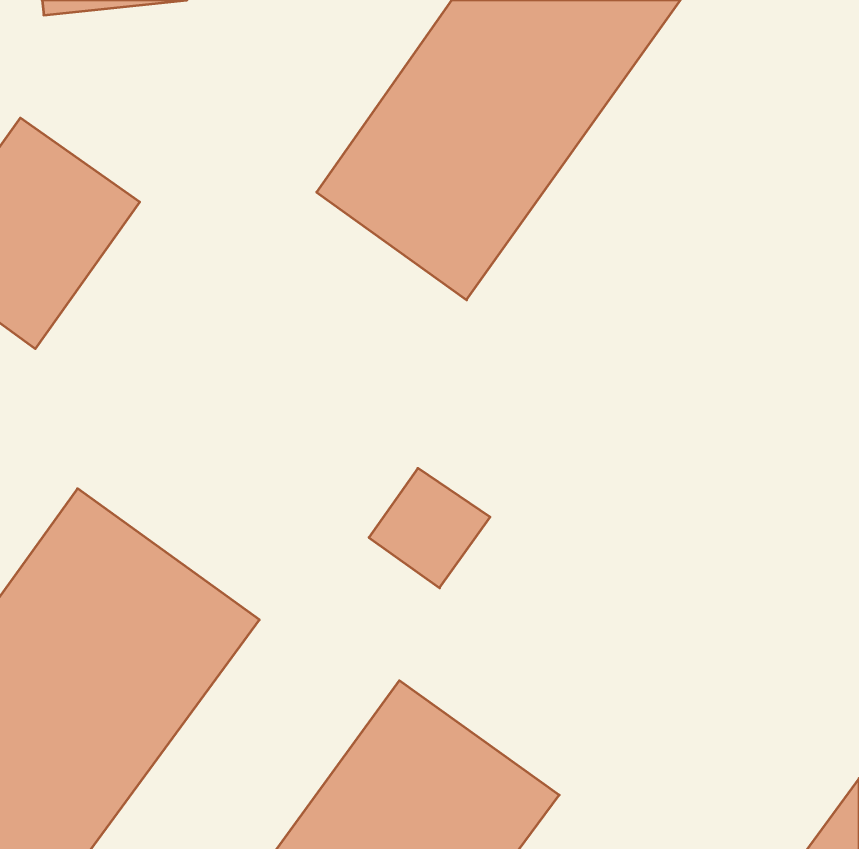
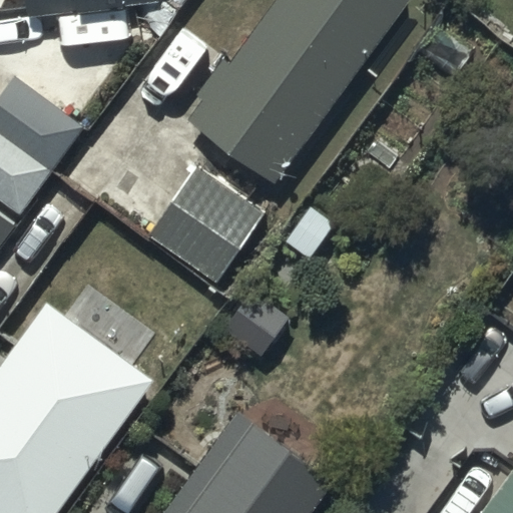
building: none -> [148,166,265,284]

